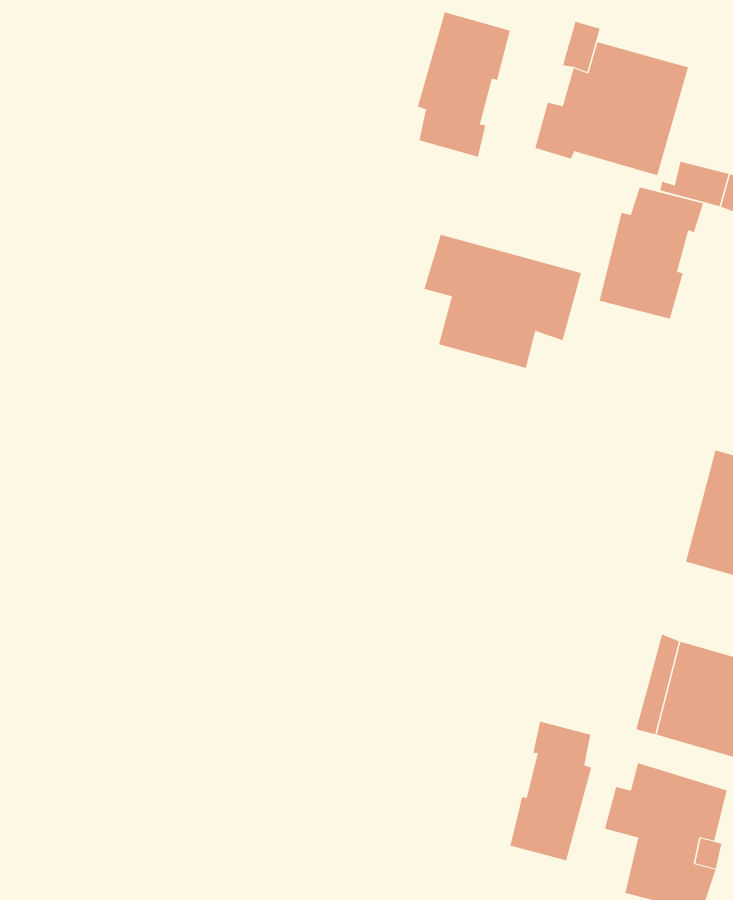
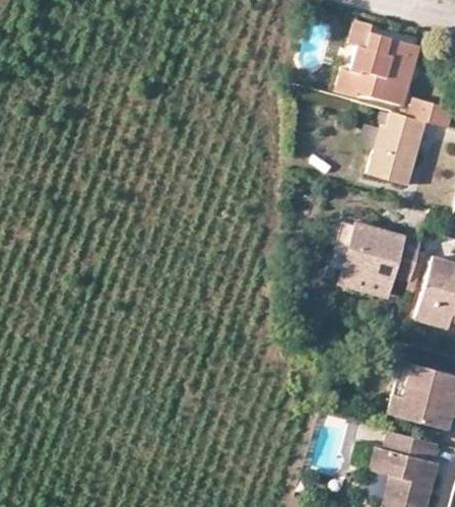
building: [417,12,511,157] -> none
building: [423,234,582,368] -> [335,224,422,298]
building: [510,721,592,861] -> none

